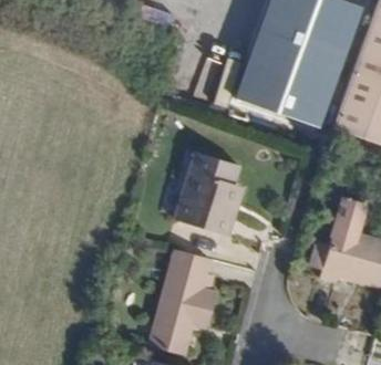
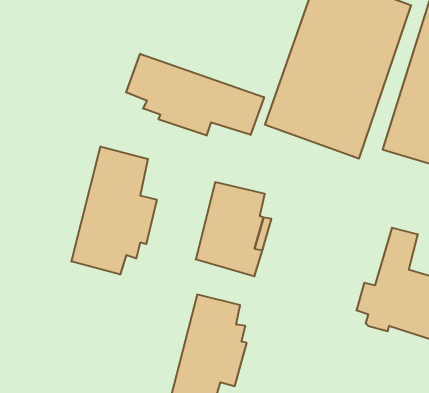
building: none -> [126,54,264,136]
building: none -> [71,146,157,275]

